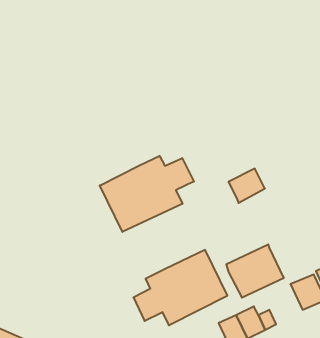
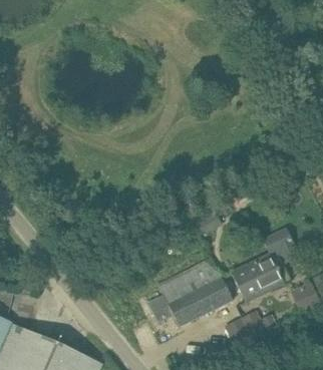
building: [100,156,194,232] -> none
building: [228,169,265,203] -> [262,227,295,258]

